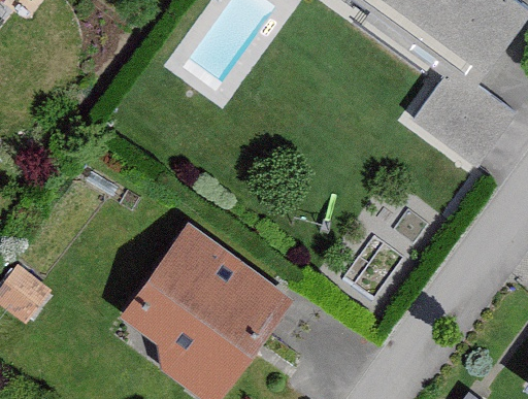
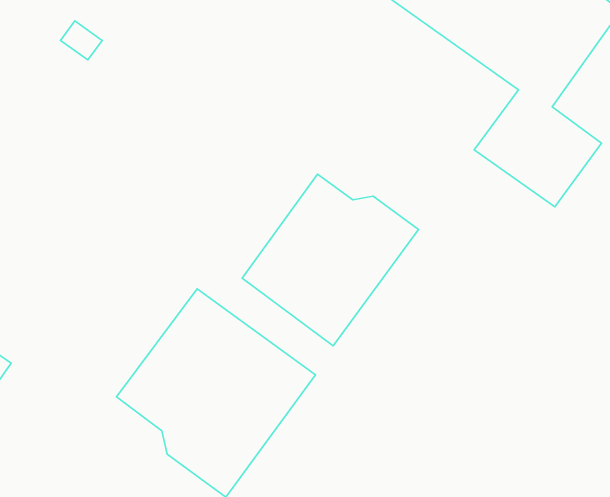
building: none -> [242,174,418,346]

